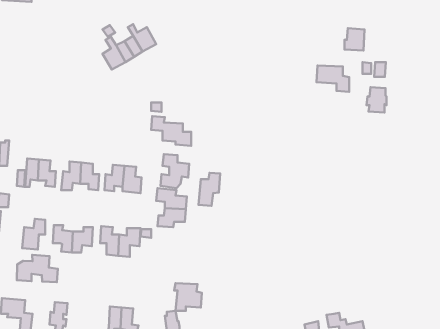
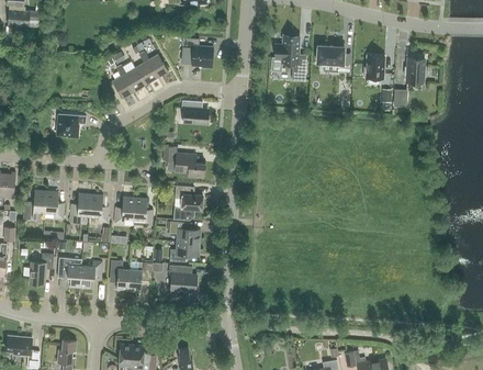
building: none -> [274,35,300,64]
building: none -> [181,37,213,68]
building: [316,65,349,92] -> [316,45,350,72]
building: none -> [181,100,206,124]
building: none -> [56,113,86,137]
building: [366,87,386,112] -> [404,57,425,83]
building: [198,173,220,206] -> none
building: [17,255,58,282] -> none
building: [174,283,202,311] -> [168,266,196,294]

